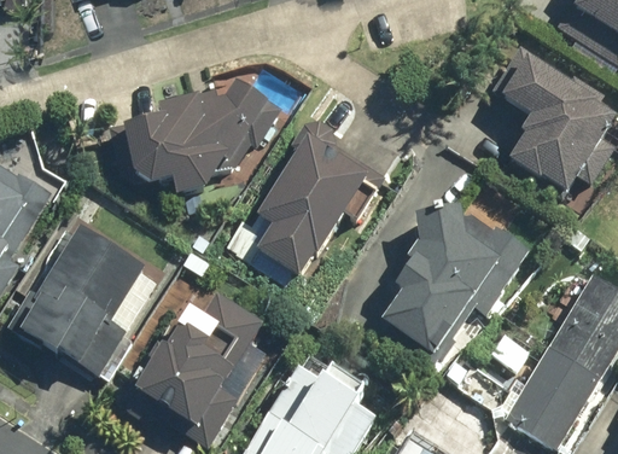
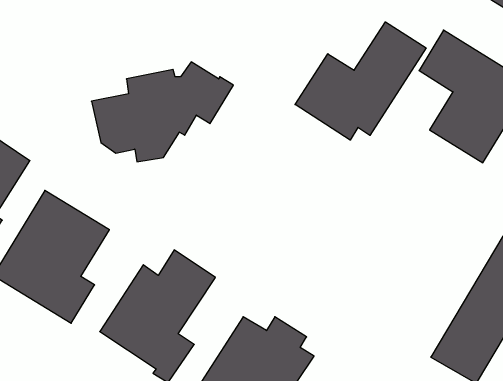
building: none -> [295,22,426,140]
building: [253,127,384,280] -> none
building: [373,206,524,360] -> none

